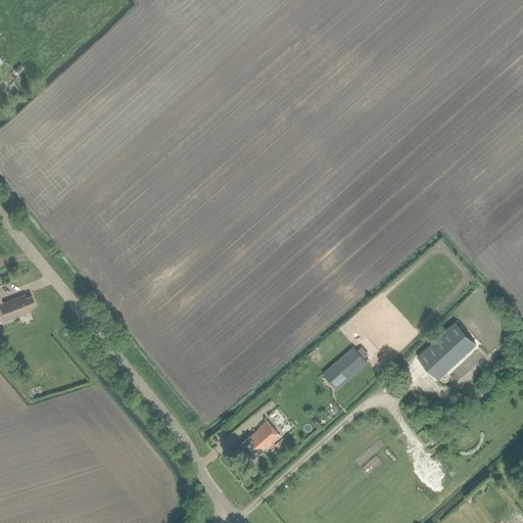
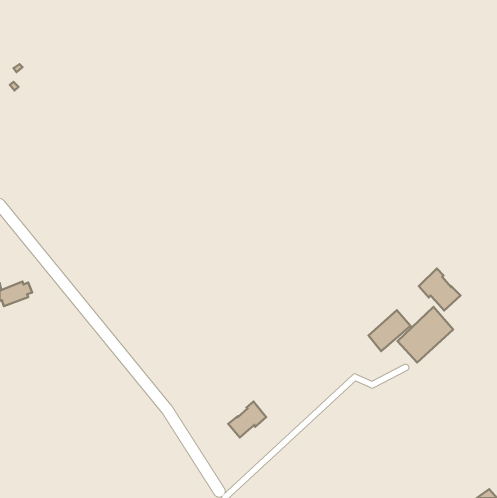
building: none -> [419,269,461,311]
building: [324,347,368,390] -> [369,310,410,351]

